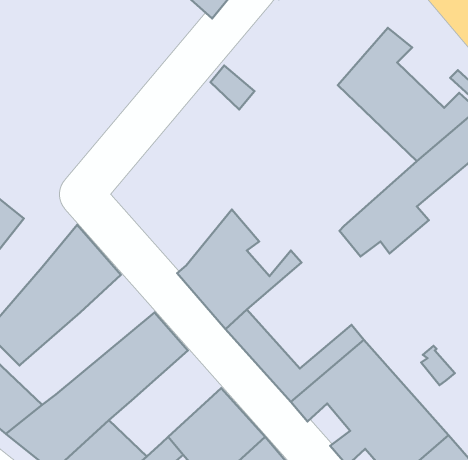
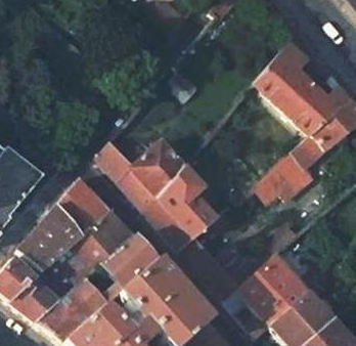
building: none -> [99,140,185,210]
building: none -> [43,211,133,292]
building: none -> [118,262,178,325]

